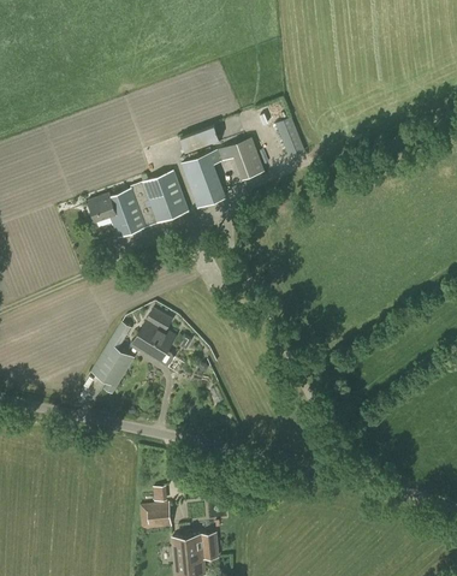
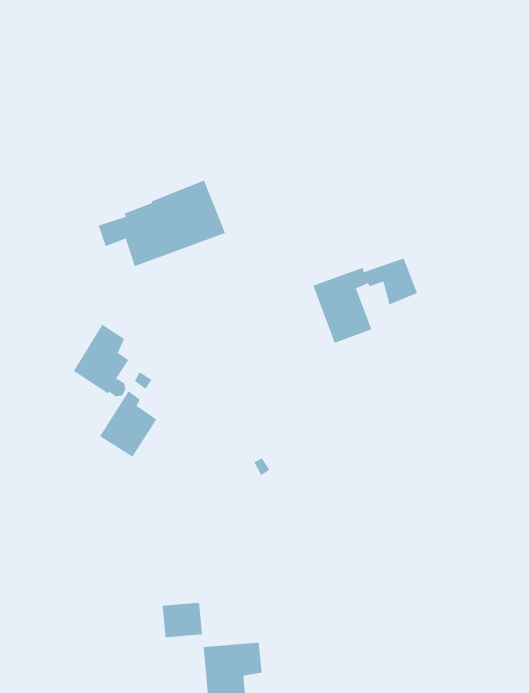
building: [274,118,305,159] -> none
building: [180,142,263,209] -> [313,258,418,343]
building: [131,308,176,366] -> [73,324,129,397]

